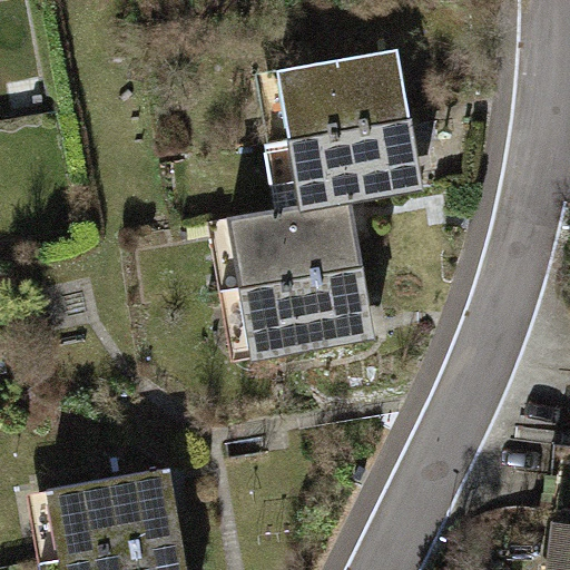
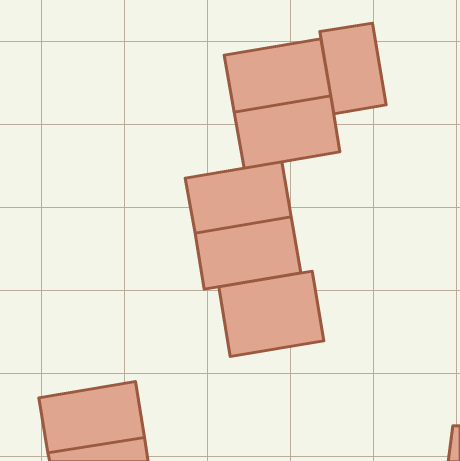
building: none -> [320,23,386,114]
building: none -> [219,271,324,357]

